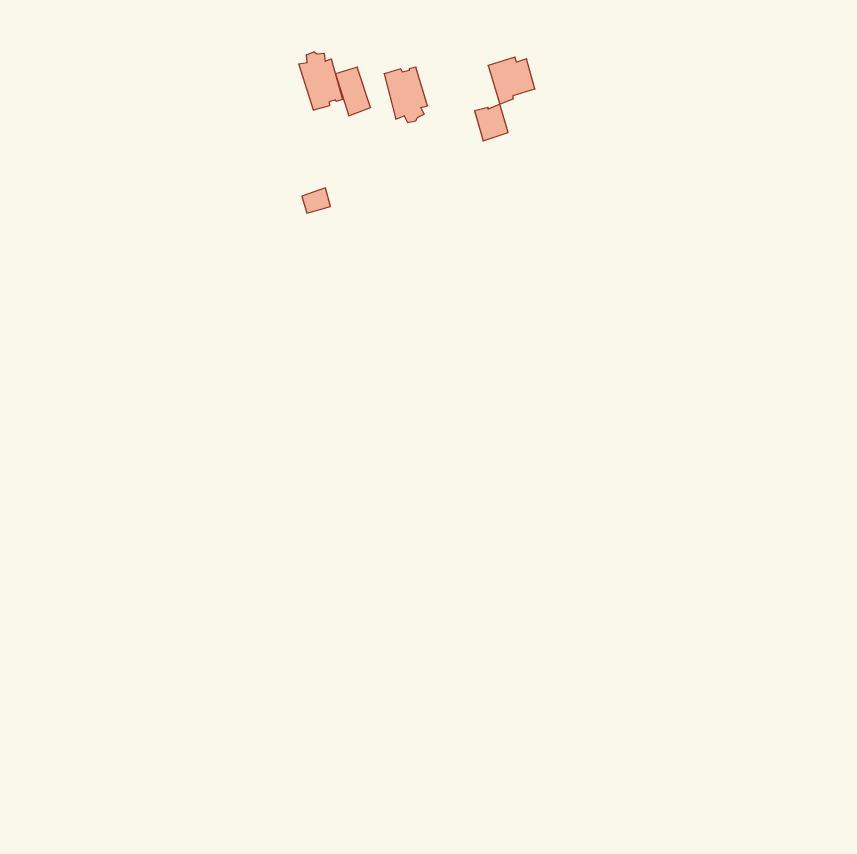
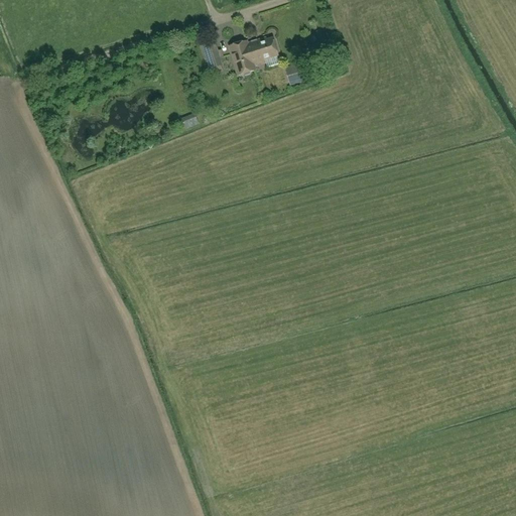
building: [299,52,343,110] -> none
building: [488,57,535,104] -> [250,35,278,63]

